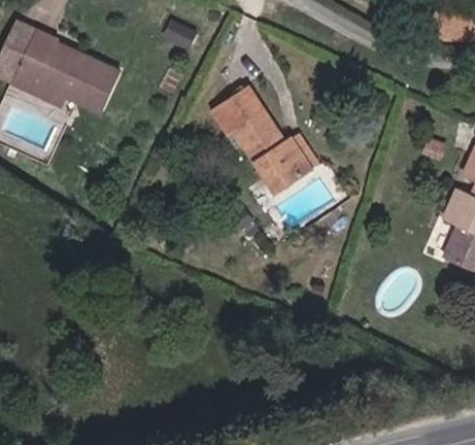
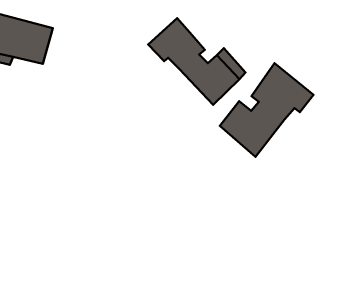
building: none -> [220,63,313,157]

